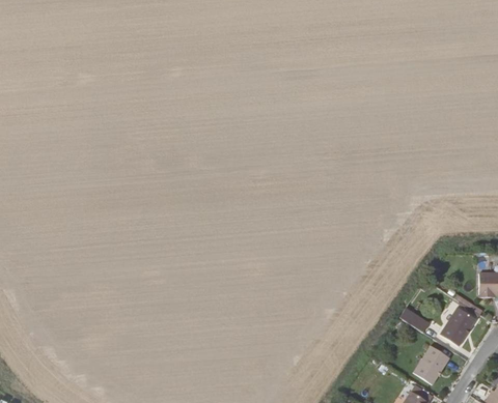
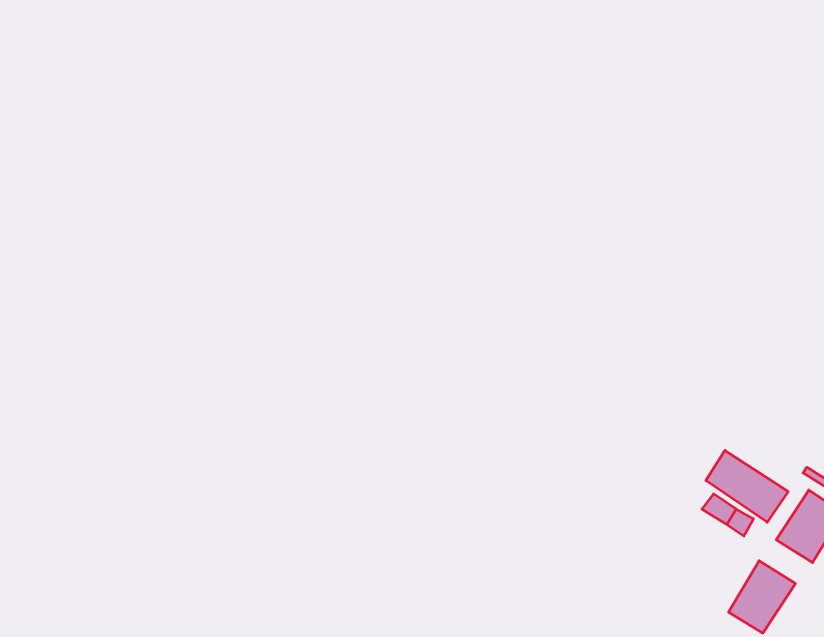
building: none -> [706,450,788,522]

